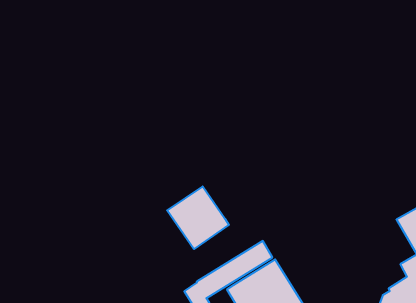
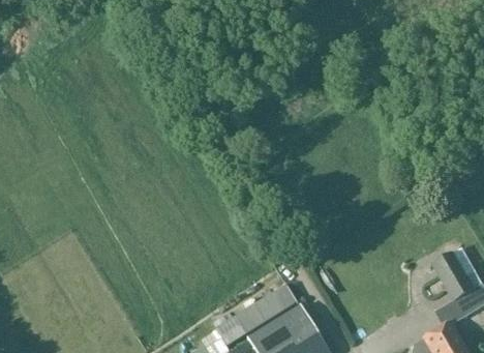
building: [167,186,229,249] -> none

